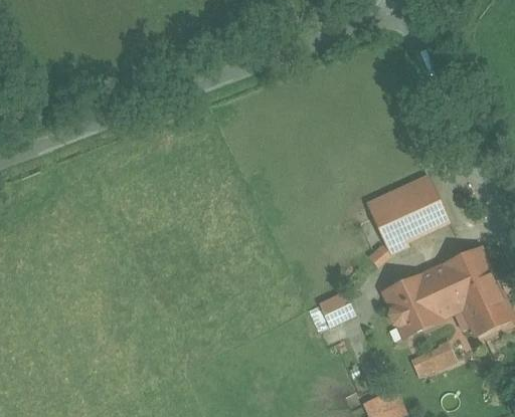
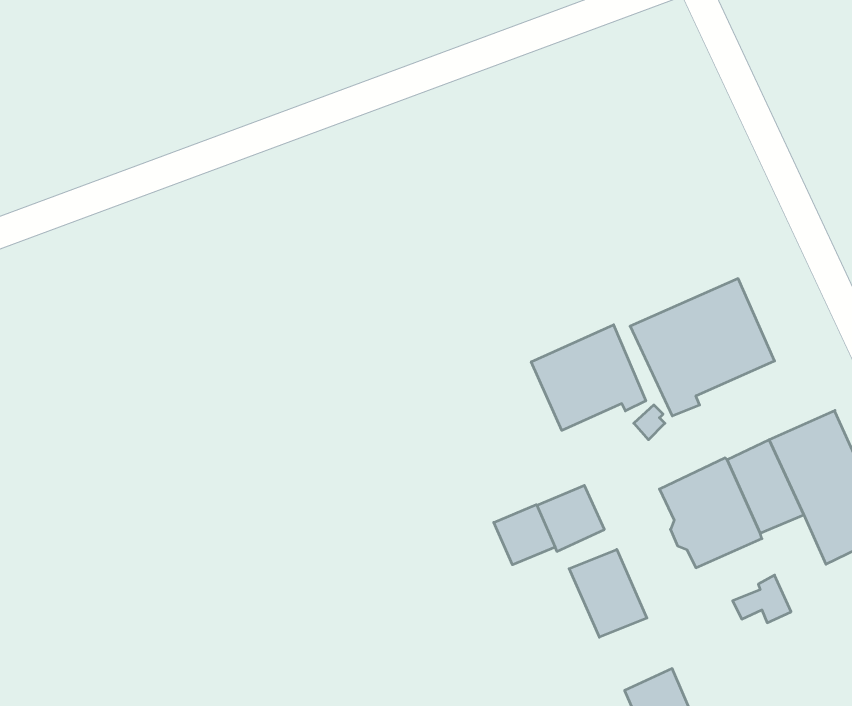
building: none -> [531,325,646,430]
building: none -> [494,505,555,565]
building: none -> [569,549,647,637]

